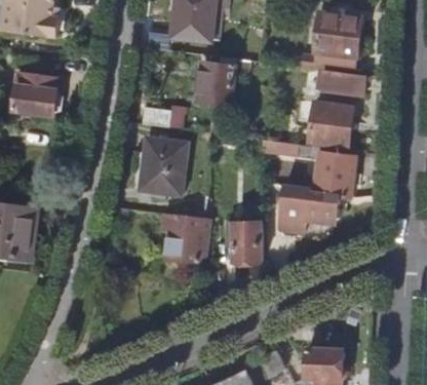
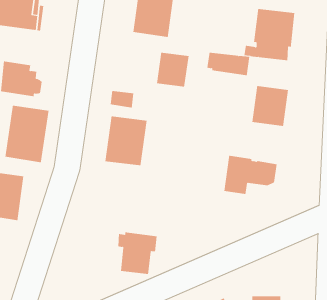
building: [314,69,365,97] -> [206,52,250,76]
building: none -> [5,105,49,163]
building: [315,157,356,195] -> none
building: [162,214,209,264] -> [117,232,158,275]
building: [227,223,262,262] -> none

